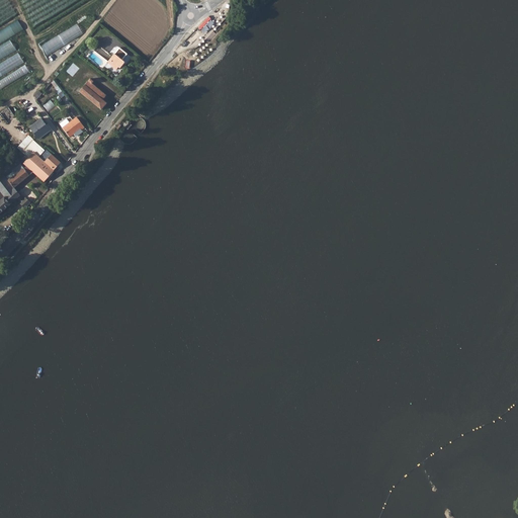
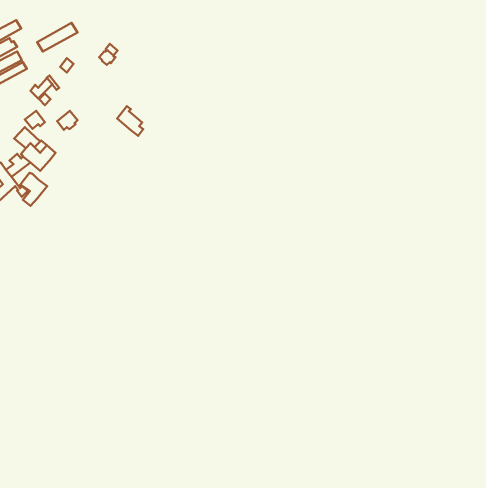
building: [78,78,105,109] -> [117,106,143,136]
building: none -> [20,173,47,206]

